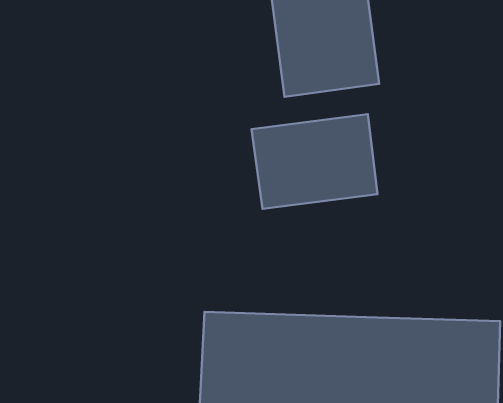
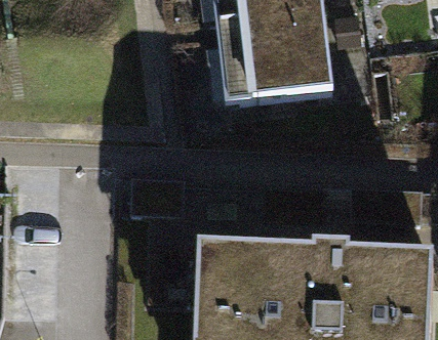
building: [252,114,378,209] -> none

